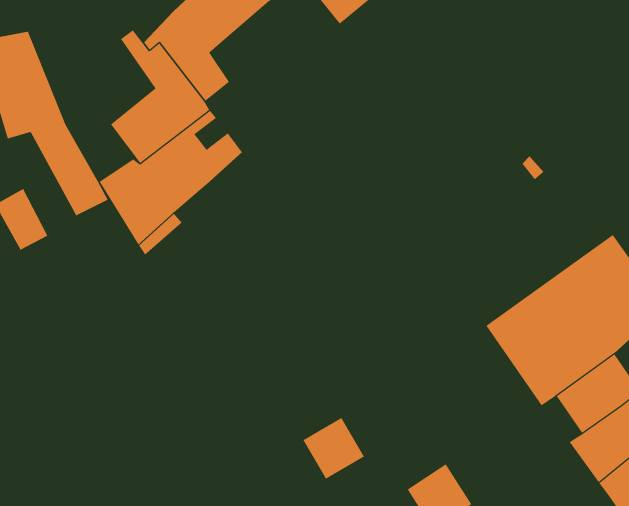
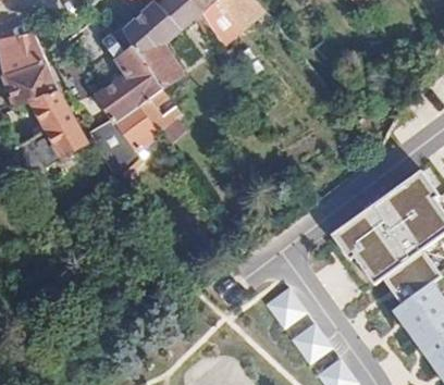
building: [303,417,365,479] -> [263,286,305,327]

